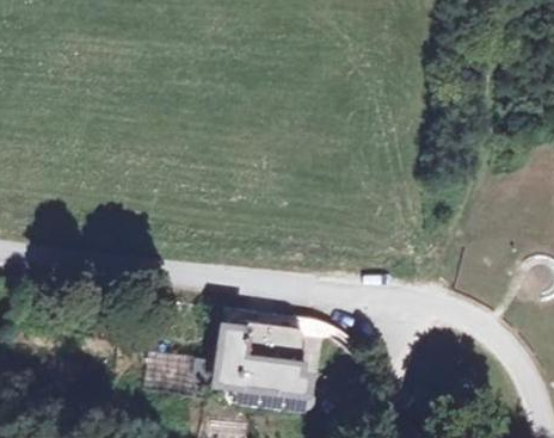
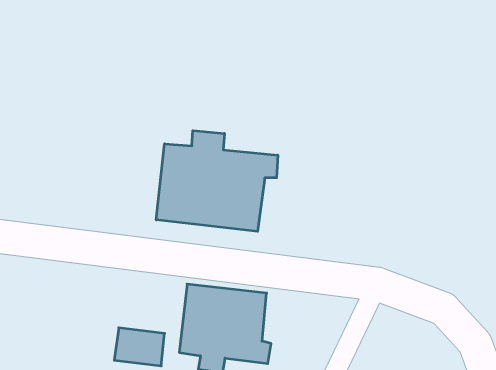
building: none -> [156,131,278,231]

